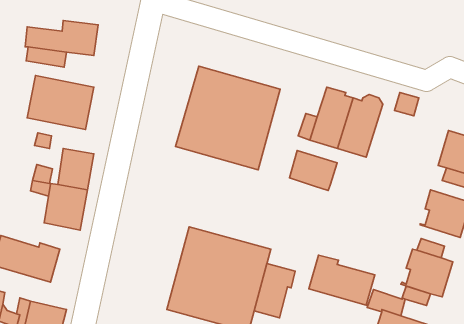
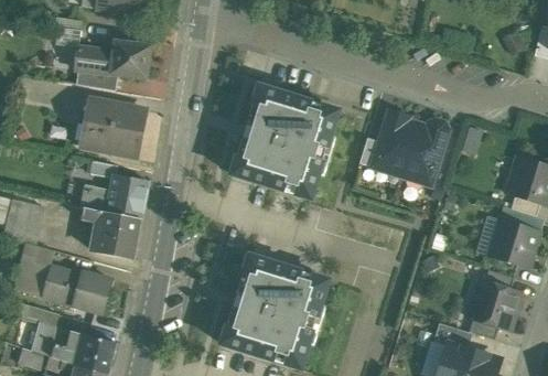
building: [289,150,337,191] -> none
building: [309,255,375,305] -> none
building: [254,264,295,318] -> none

